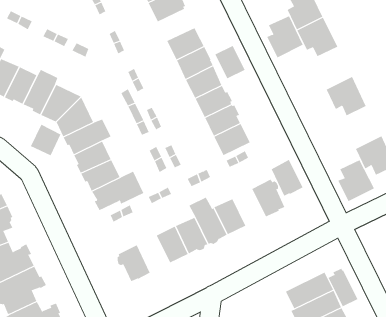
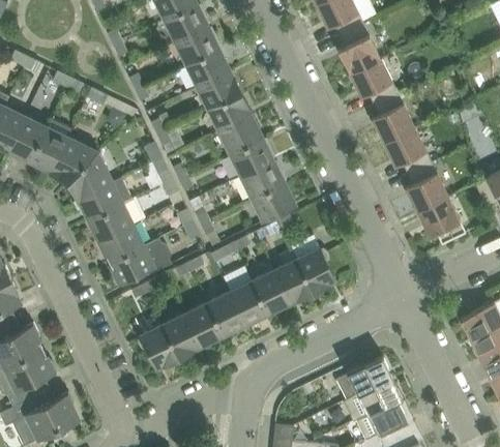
building: none -> [186,49,230,86]
building: [266,16,304,58] -> [371,93,414,143]
building: [215,45,245,79] -> none
building: [30,124,61,156] -> none
building: [271,159,303,196] -> [274,259,313,302]
building: [338,159,375,202] -> [405,162,448,212]
building: none -> [163,314,201,357]
building: [328,268,358,307] -> none

